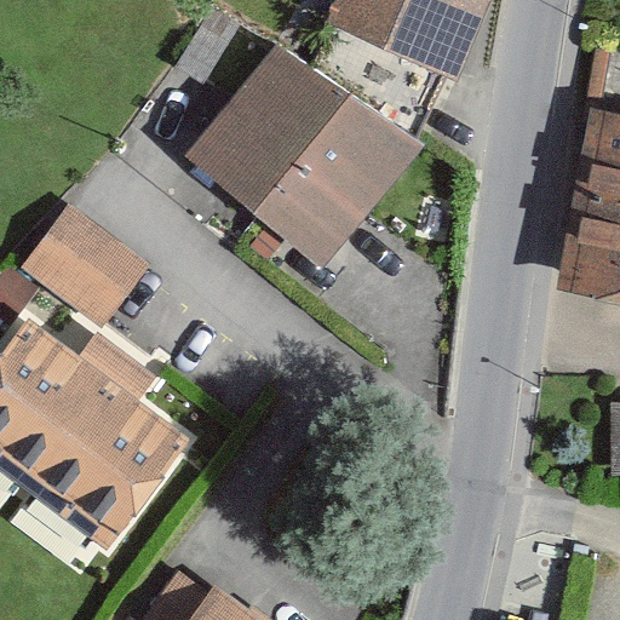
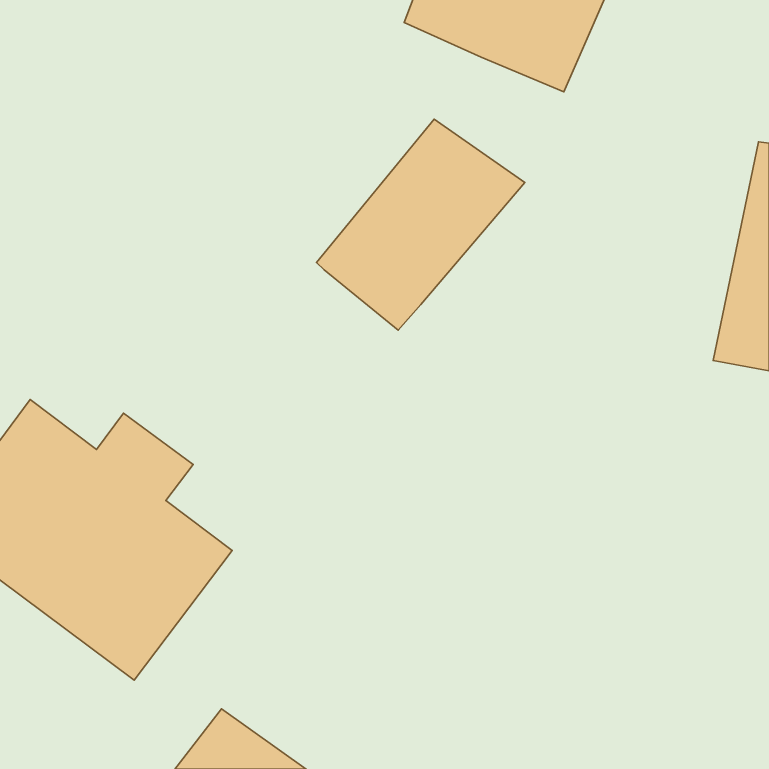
building: [189,45,349,211] -> none
building: [23,206,147,325] -> none

